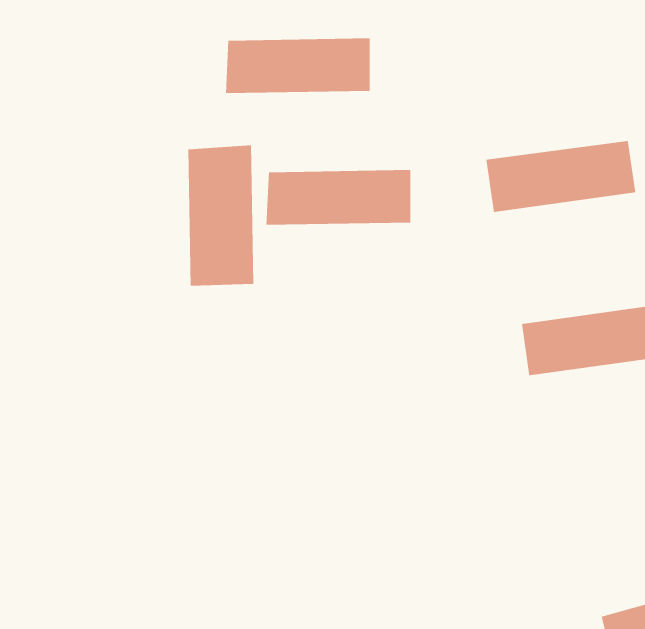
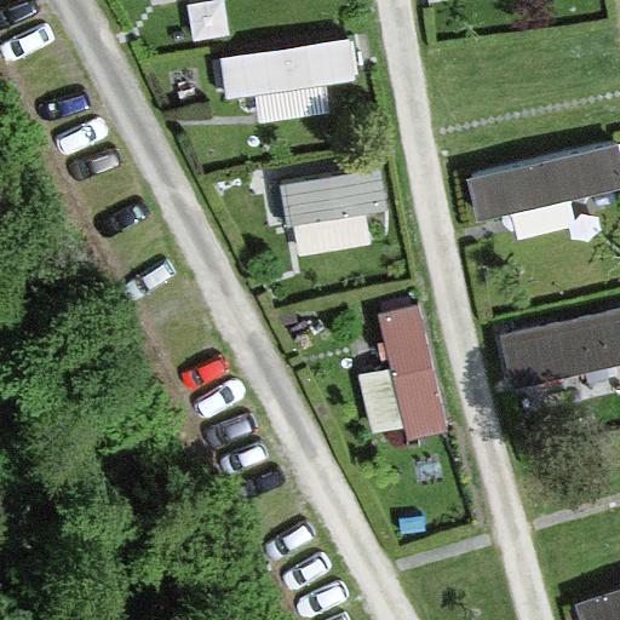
building: [188,144,254,286] -> none
building: none -> [366,303,449,447]

